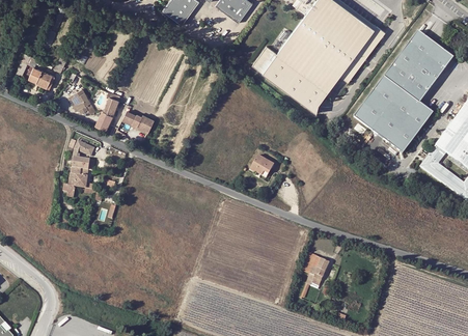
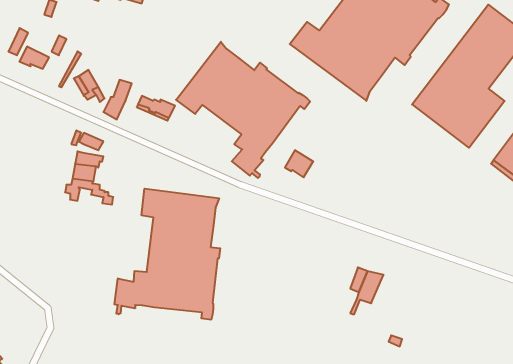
building: none -> [176,42,310,178]
building: none -> [114,189,220,320]

